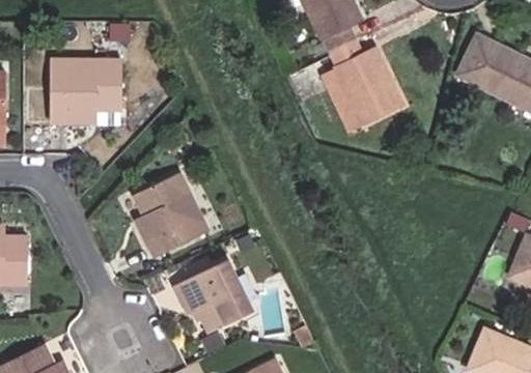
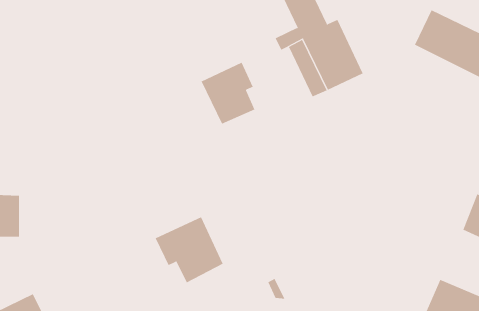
building: [49,60,122,121] -> none
building: none -> [201,62,255,124]
building: [134,173,207,257] -> none

